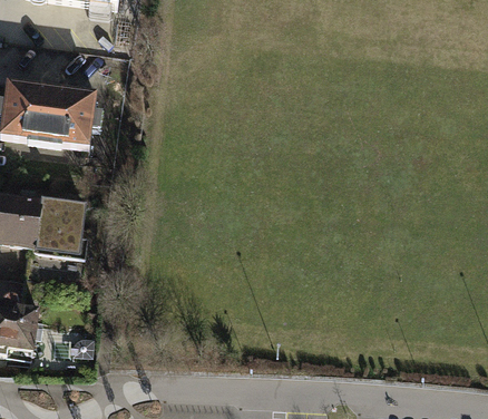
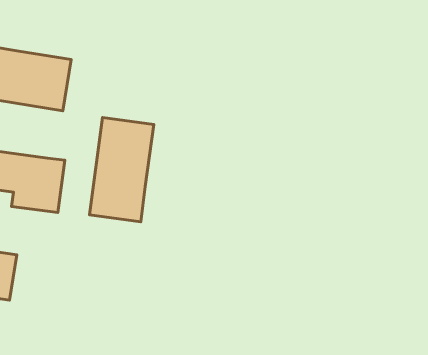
building: none -> [90,117,154,222]

